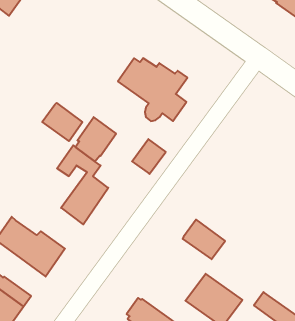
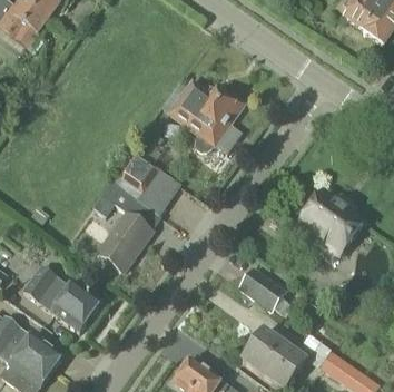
building: [42,103,82,141] -> none
building: [132,139,166,174] -> [142,170,181,210]
building: none -> [301,192,363,261]

